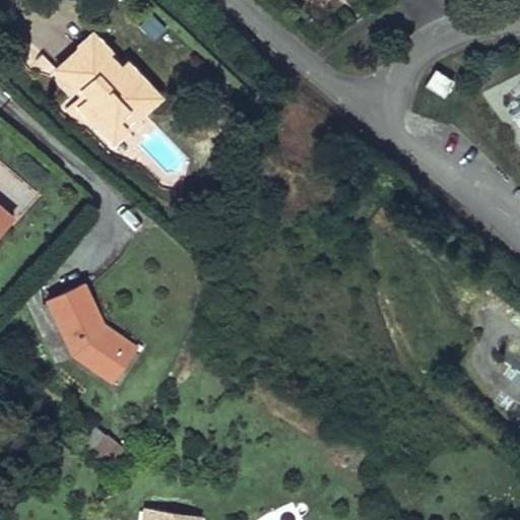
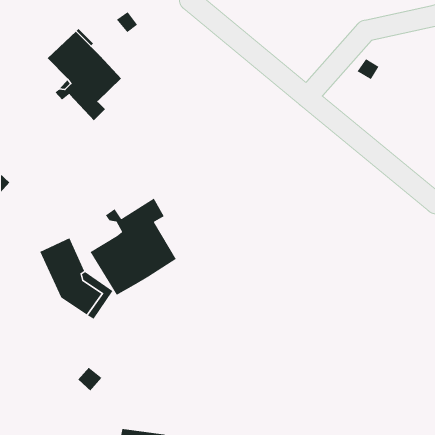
building: [118,62,160,131] -> none
building: none -> [90,198,177,296]

